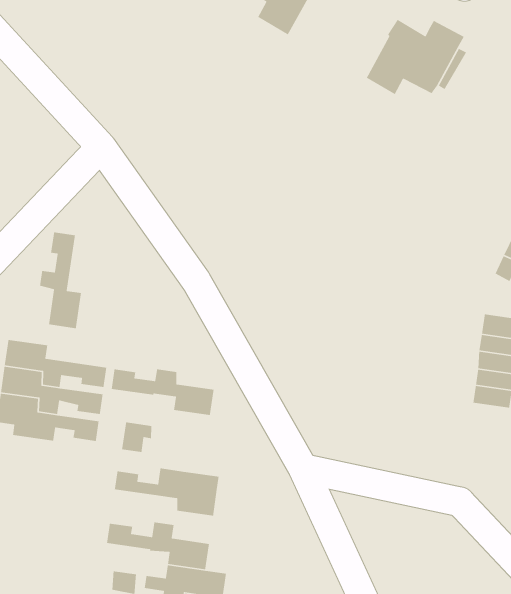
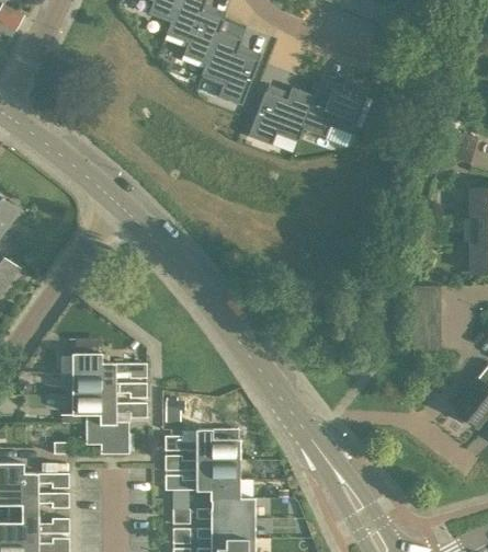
building: none -> [247,87,314,146]
building: [39,232,82,329] -> none
building: [111,369,214,416] -> [163,451,238,480]
building: none -> [84,423,127,455]

